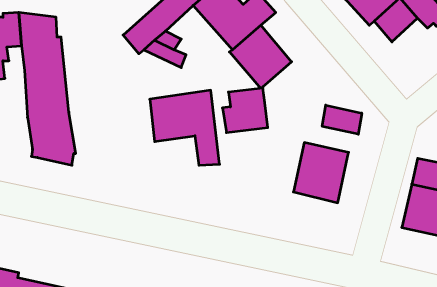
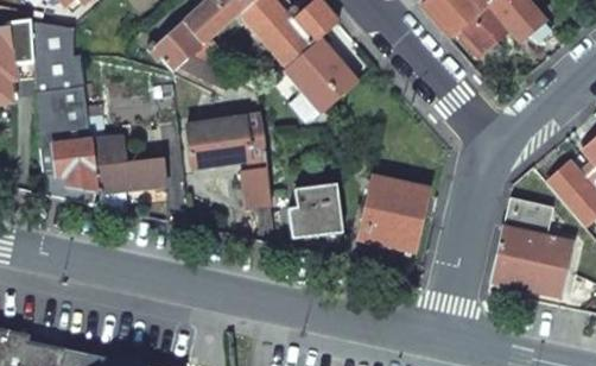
building: [222,88,268,133] -> [289,184,343,238]
building: [322,105,362,134] -> none
building: none -> [90,138,166,191]

